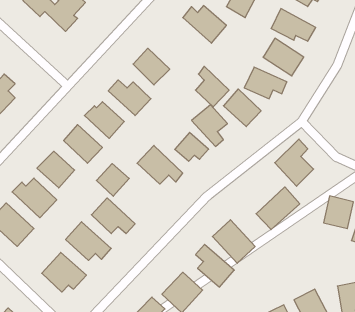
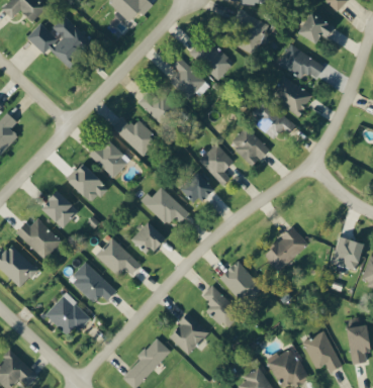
building: [195,66,229,107] -> [171,58,205,99]
building: [275,139,314,186] -> none
building: [96,164,129,196] -> [131,222,165,256]

